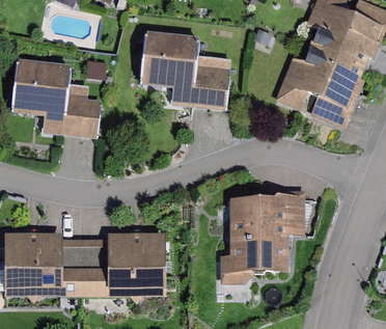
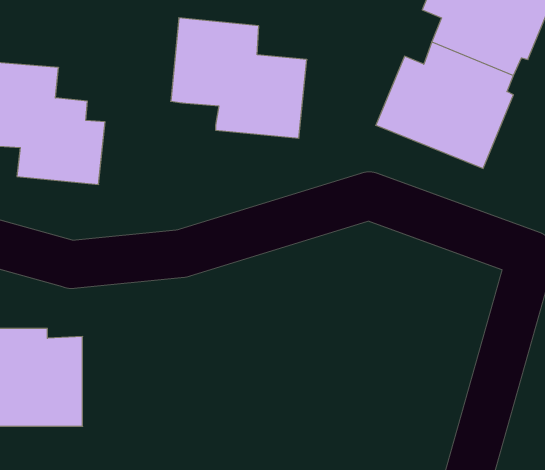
building: [220,189,305,281] -> none
building: [85,231,166,295] -> none

